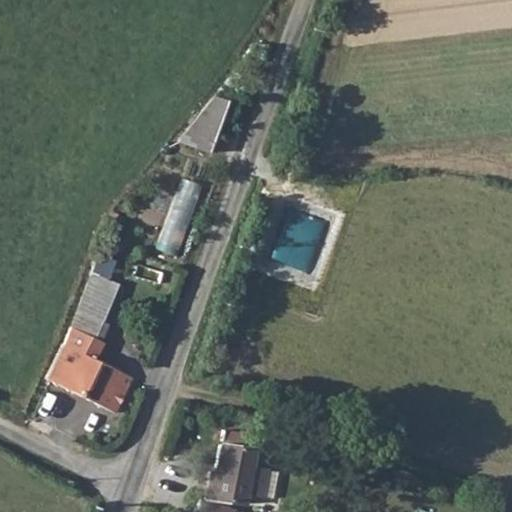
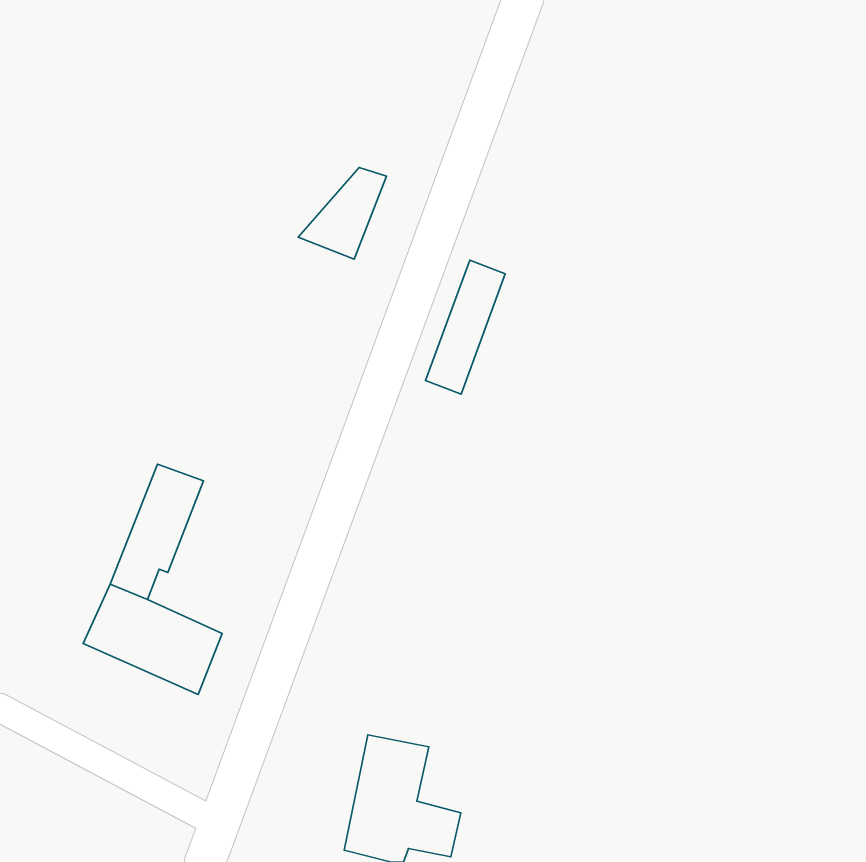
building: [159,175,206,254] -> [426,260,505,394]

